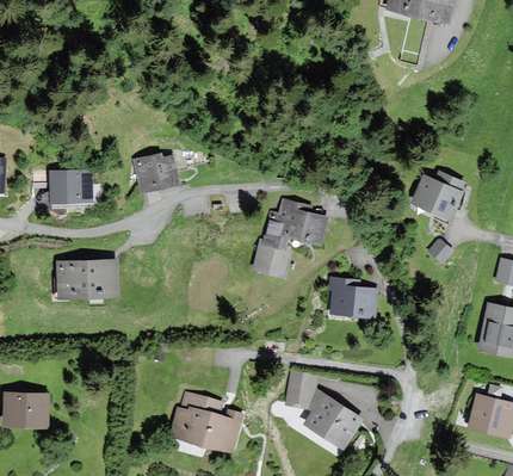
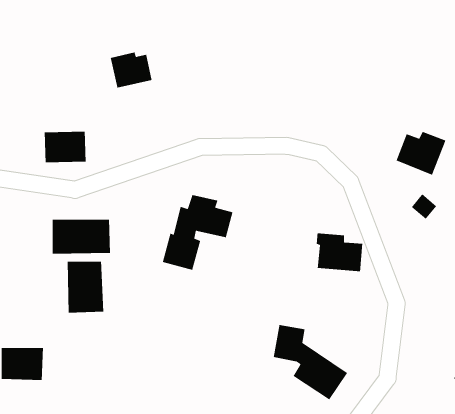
building: [134,154,178,192] -> [110,52,153,89]
building: [252,199,326,278] -> [162,194,233,271]
building: none -> [67,261,104,313]
building: [168,392,240,453] -> none

